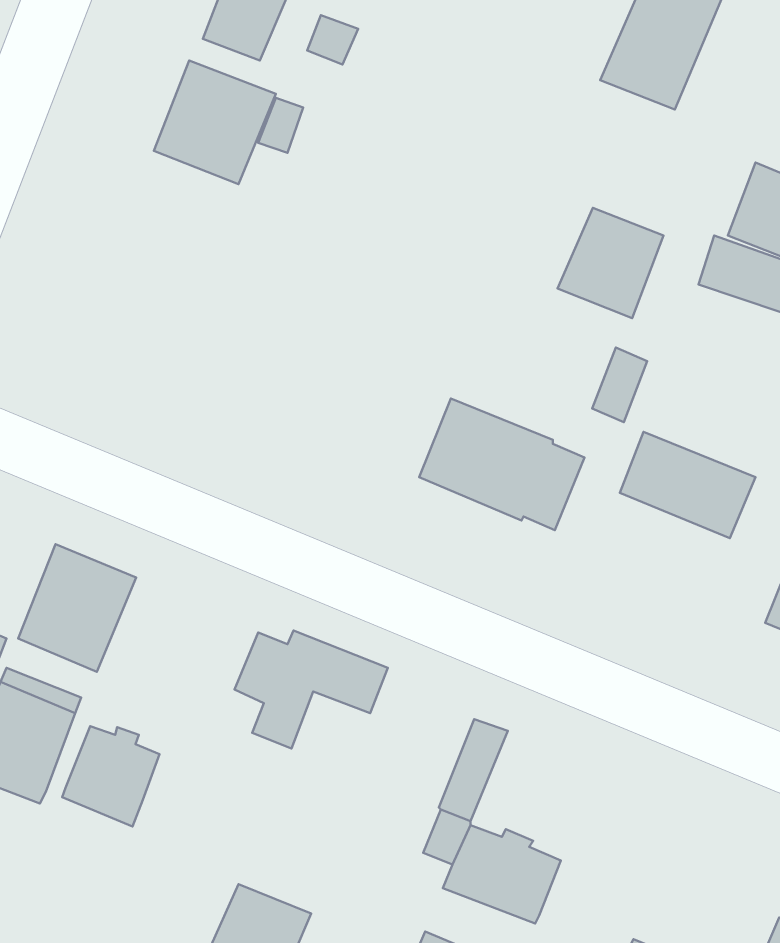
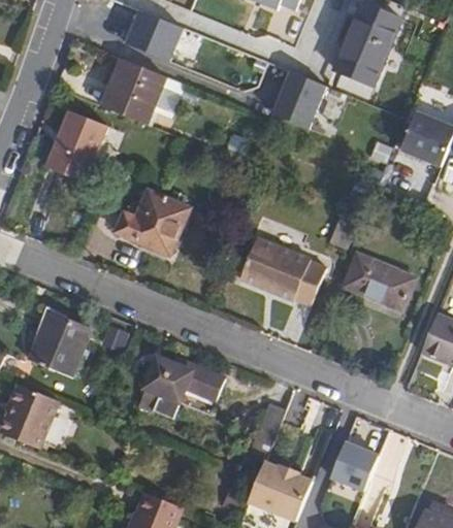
building: none -> [45,109,105,180]
building: [557,208,664,318] -> [274,73,330,131]
building: none -> [117,192,187,253]
building: [62,726,159,826] -> none
building: none -> [331,441,378,483]

